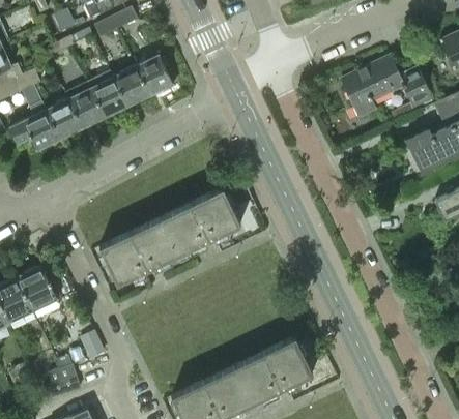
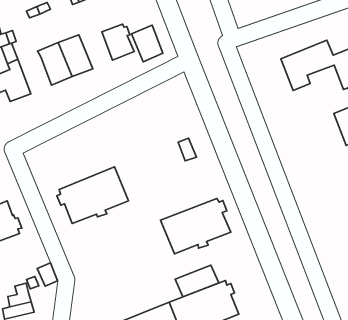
building: [112,65,149,108] -> [131,25,163,62]
building: [45,98,82,141] -> none
building: [160,188,240,255] -> [160,198,231,254]
building: none -> [175,265,219,297]

